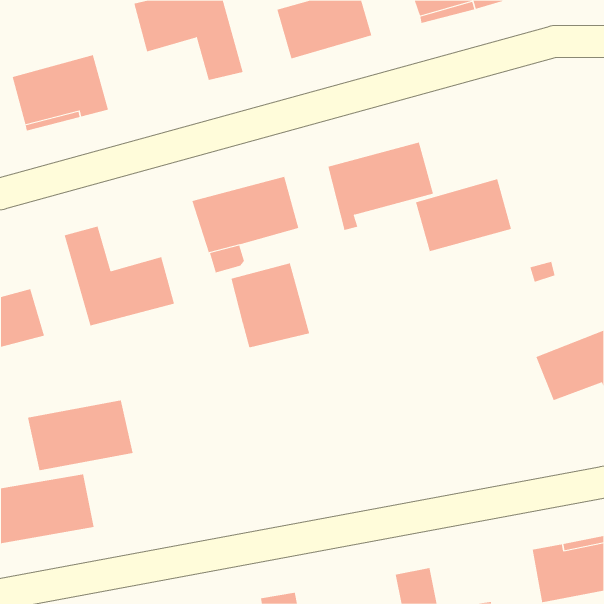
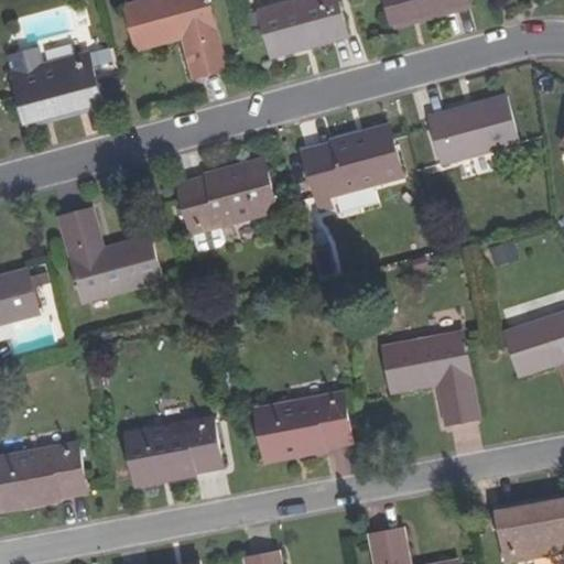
building: [415,178,512,252] -> [429,96,519,164]
building: [231,262,310,348] -> none
building: none -> [379,332,477,423]
building: [27,400,133,471] -> [126,415,225,481]
building: none -> [249,392,347,458]

